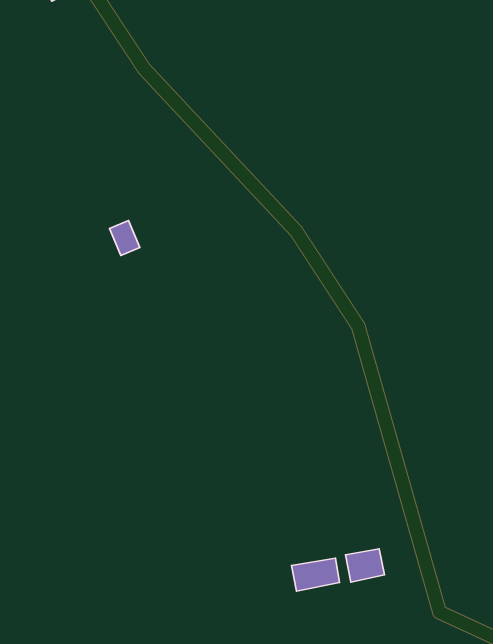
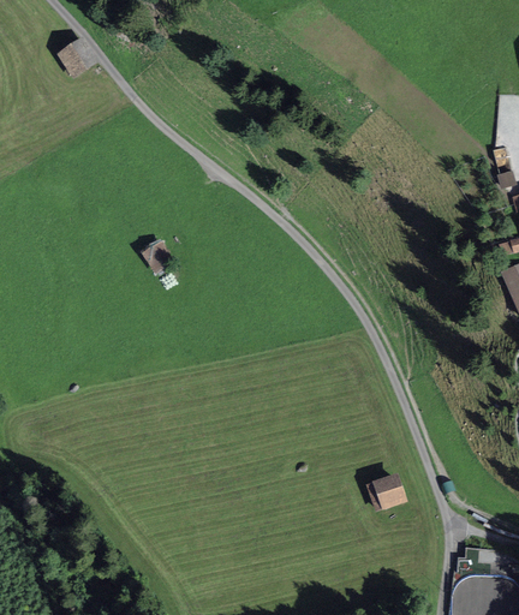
building: [291,558,340,591] -> none

